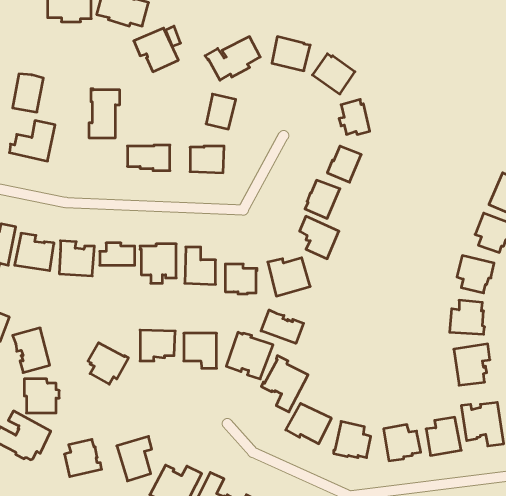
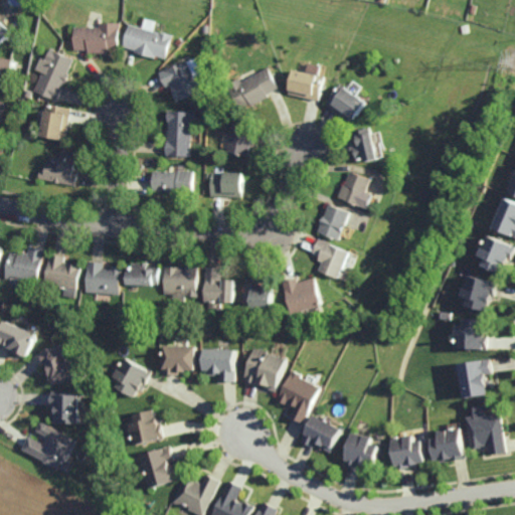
building: none -> [32,50,70,101]
building: [89,89,120,138] -> [161,110,190,156]
building: [261,310,304,343] -> none
building: [64,439,102,477] -> [125,410,160,446]

